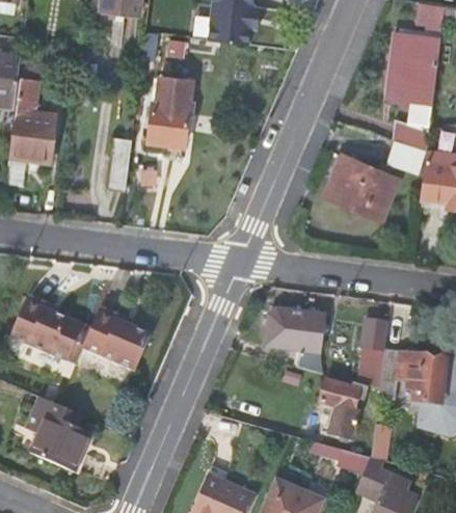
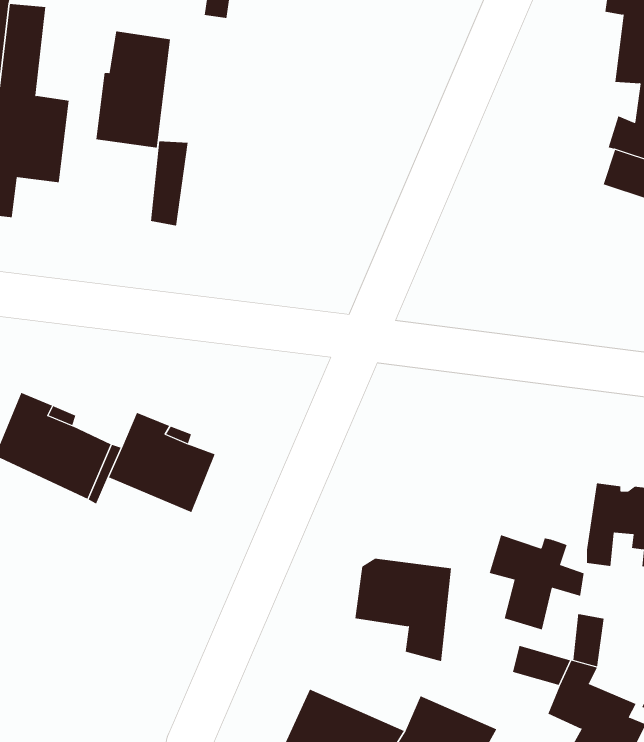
building: [146,75,193,147] -> [95,31,171,148]
building: [325,158,397,220] -> none
building: [264,309,324,374] -> [355,558,452,662]
building: [357,320,387,390] -> none
building: [25,397,91,471] -> none

